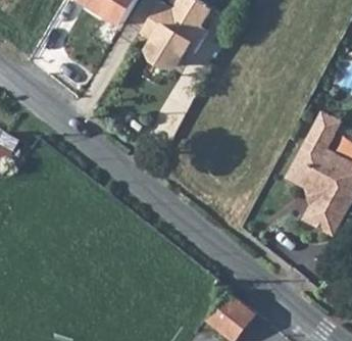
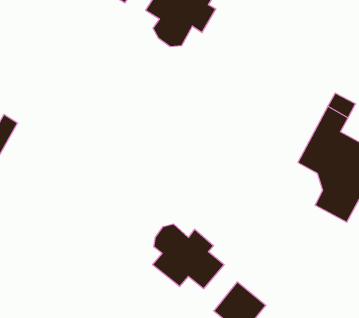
building: none -> [153,224,224,289]

